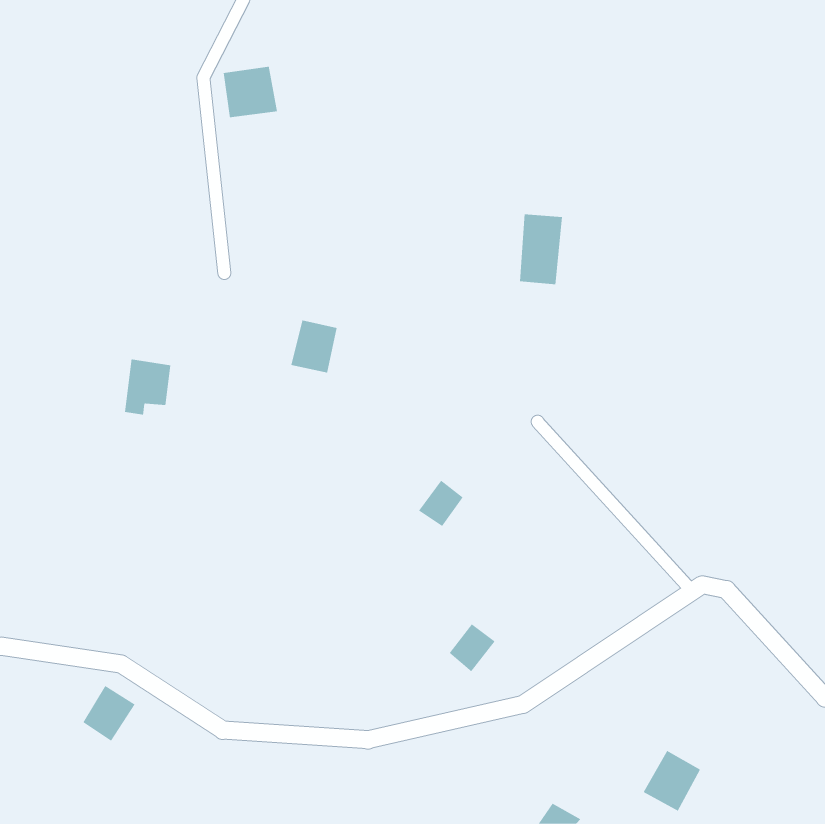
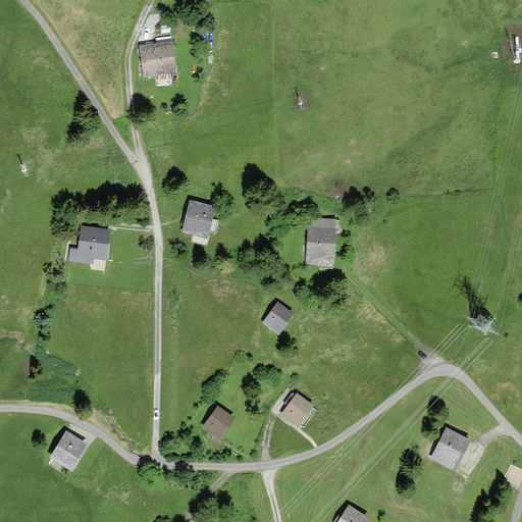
building: [519,214,563,285] -> [308,217,335,262]
building: none -> [204,407,233,437]
building: [643,750,701,811] -> [432,429,469,468]

